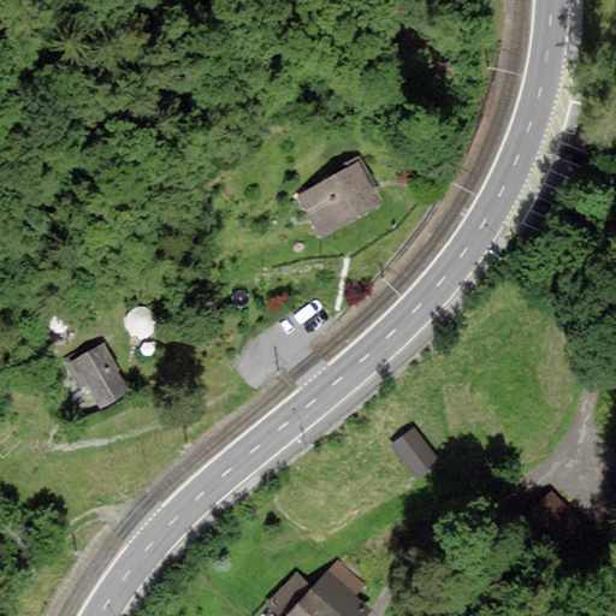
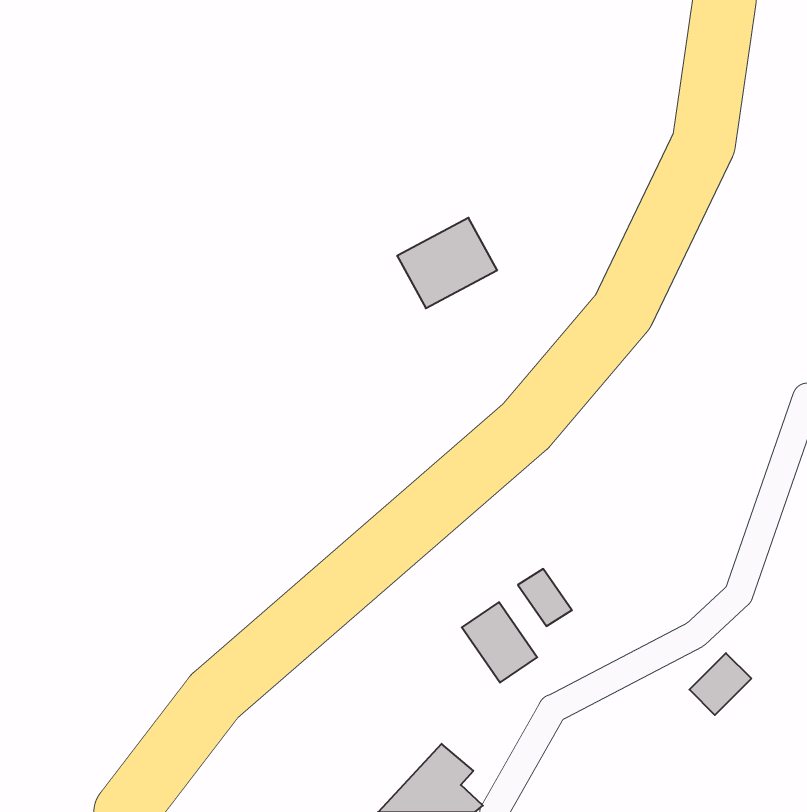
building: [67,345,125,403] -> none
building: none -> [462,602,537,683]

